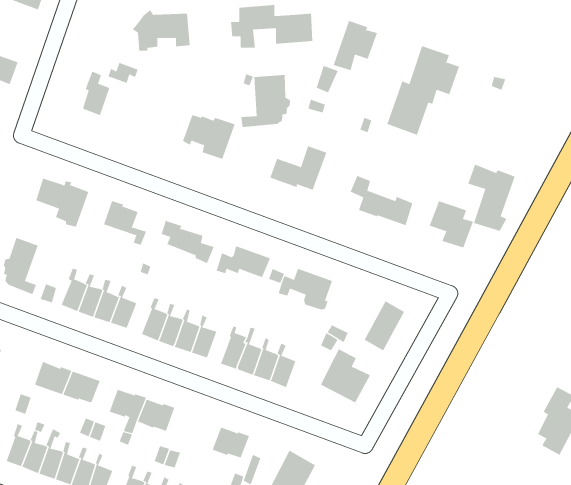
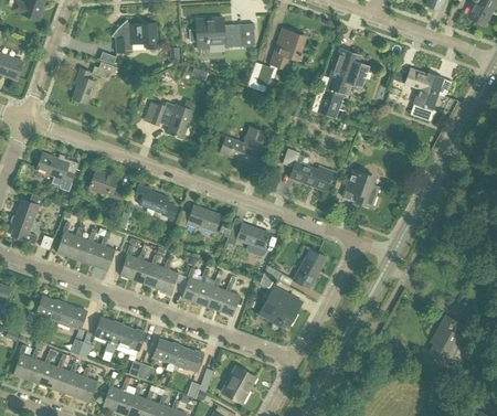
building: [241,74,291,128] -> none
building: [468,164,516,232] -> [405,67,443,120]
building: none -> [152,338,182,371]

